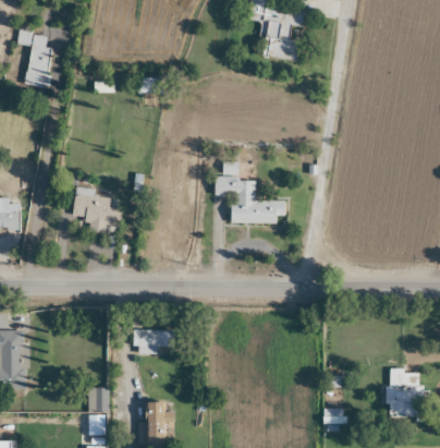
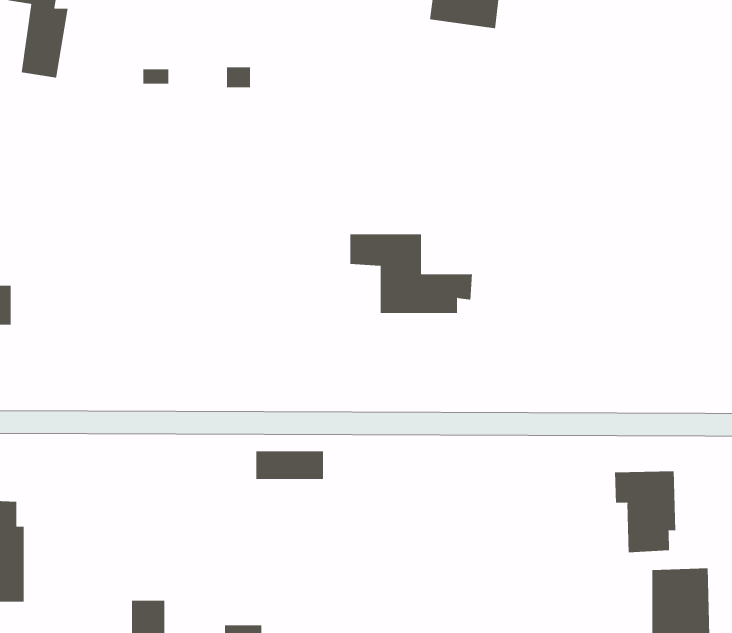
building: [73,186,123,232] -> none
building: none -> [615,470,676,553]
building: [134,329,173,346] -> [255,451,324,479]

